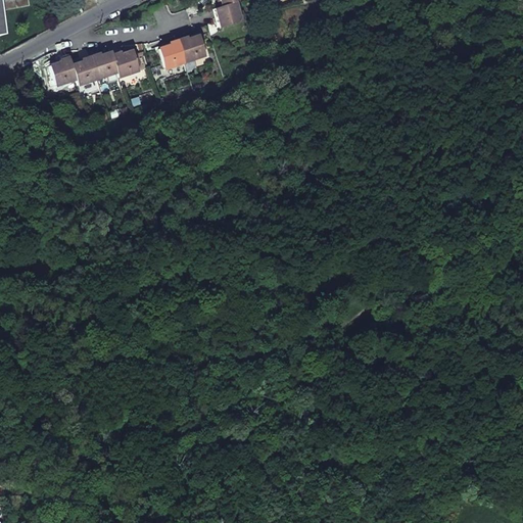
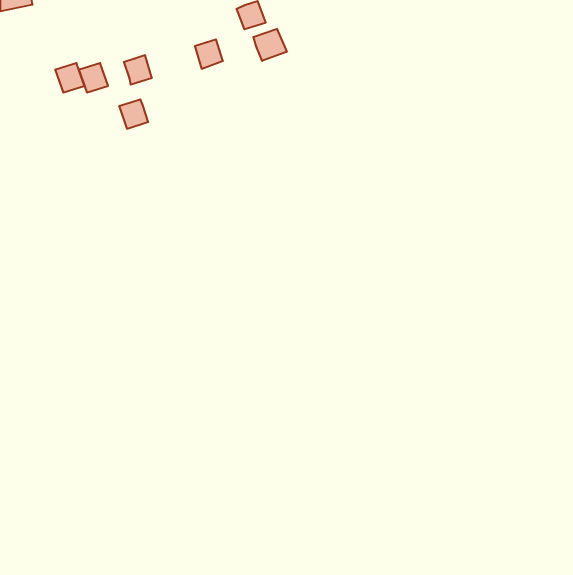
building: none -> [253,29,287,61]
building: [159,42,185,68] -> none
building: [93,51,120,78] -> [119,99,148,129]

